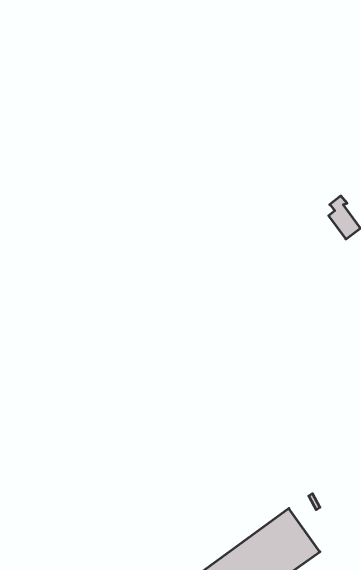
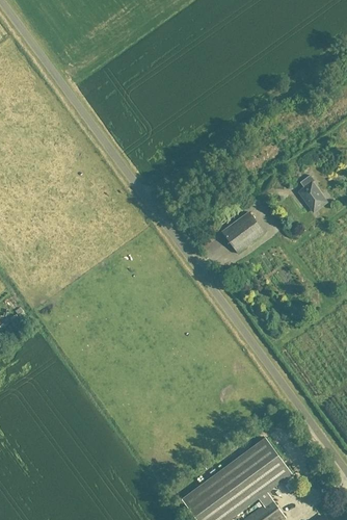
building: none -> [220,211,264,253]

